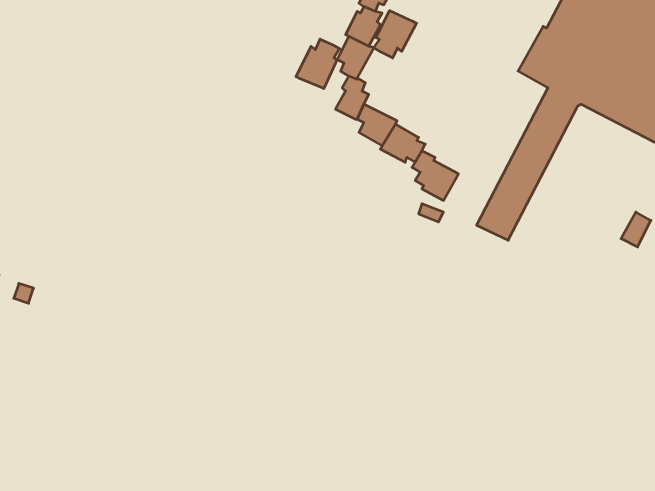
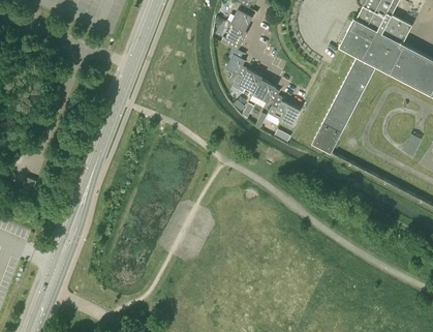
building: [374,11,417,58] -> none
building: [296,39,340,89] -> none

